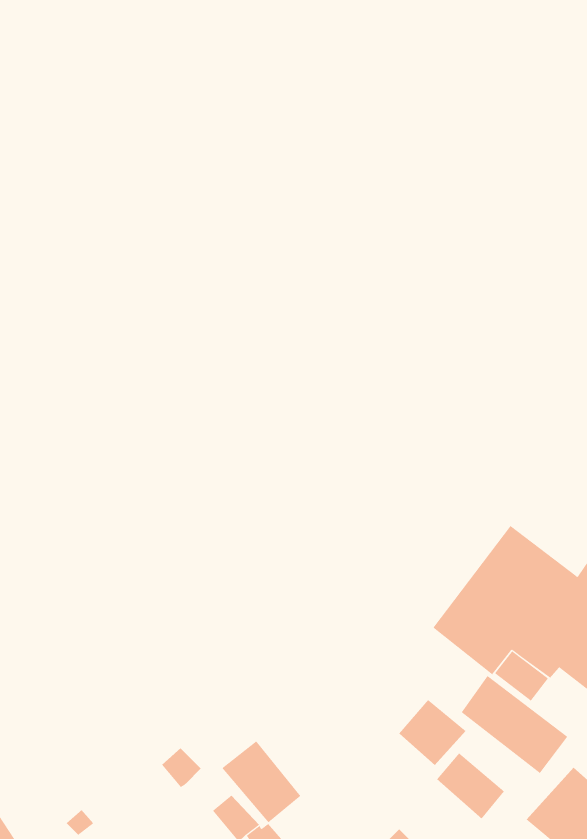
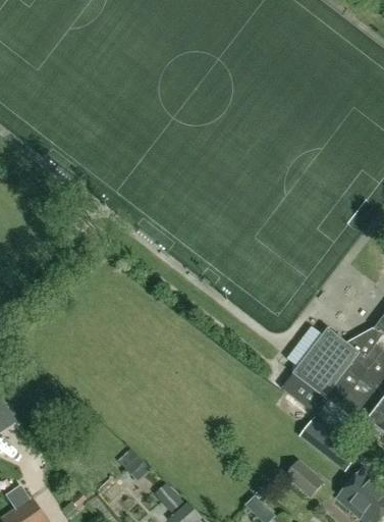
building: [399,699,466,766] -> none
building: [221,741,301,823] -> none

